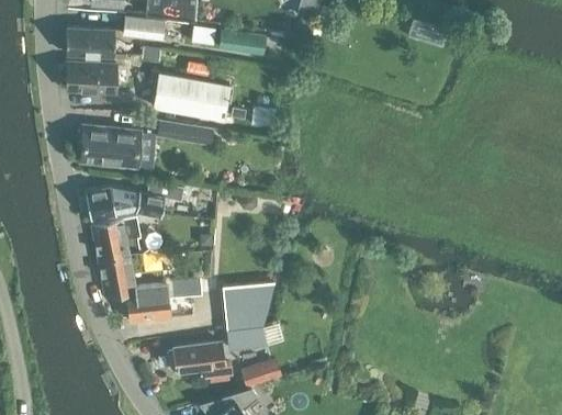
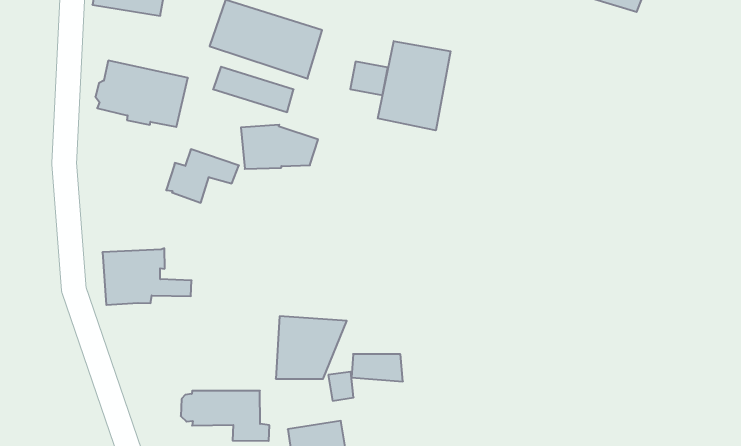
building: none -> [378,41,451,130]
building: [85,187,139,221] -> [241,125,318,169]
building: [91,218,139,261] -> none
building: [126,280,202,323] -> none
building: [231,328,268,349] -> [351,354,403,381]

